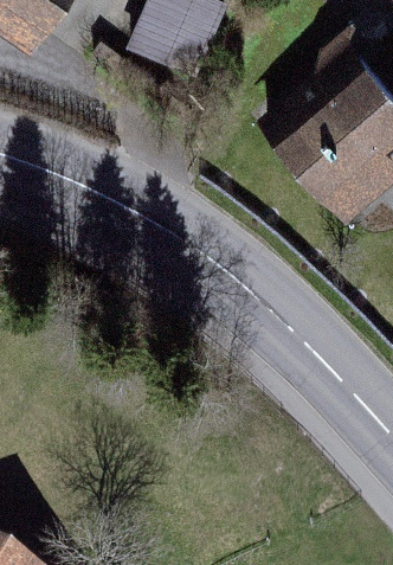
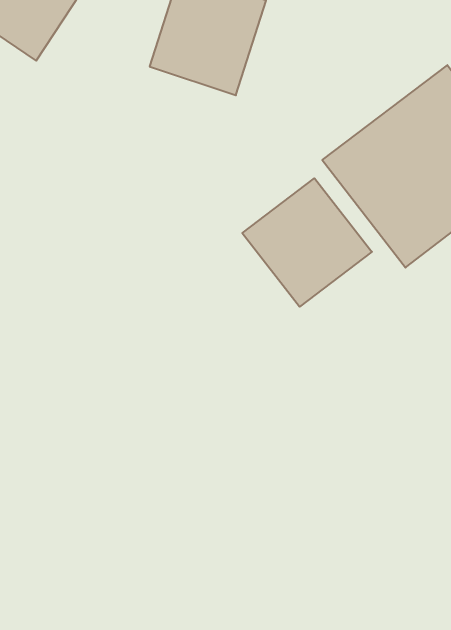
building: none -> [242,178,372,307]

